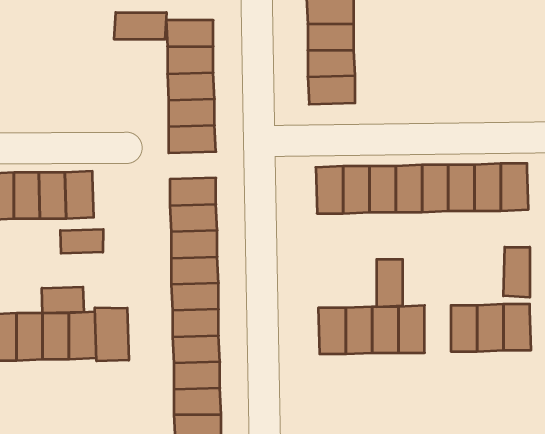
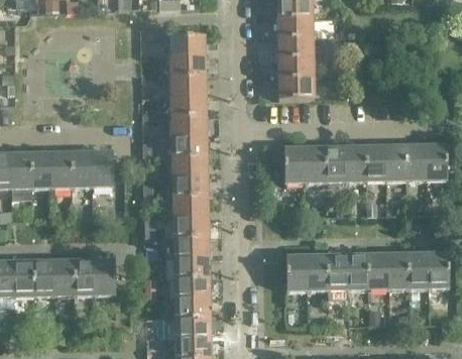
building: [114,12,166,39] -> none
building: none -> [170,135,207,156]
building: [60,229,103,253] -> none
building: [503,247,530,297] -> none
building: [377,259,403,307] -> [367,253,387,289]
building: [42,287,84,313] -> none
building: [95,308,129,361] -> none

